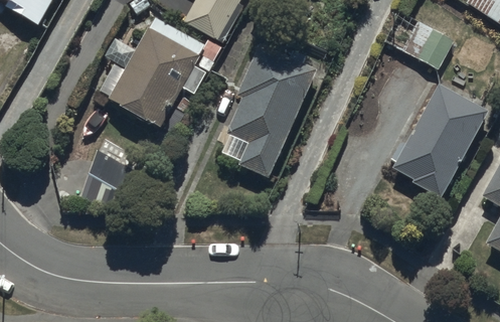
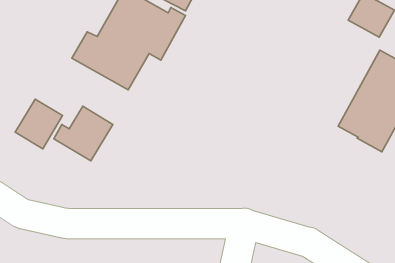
building: [226,42,317,178] -> none
building: none -> [15,99,62,149]

